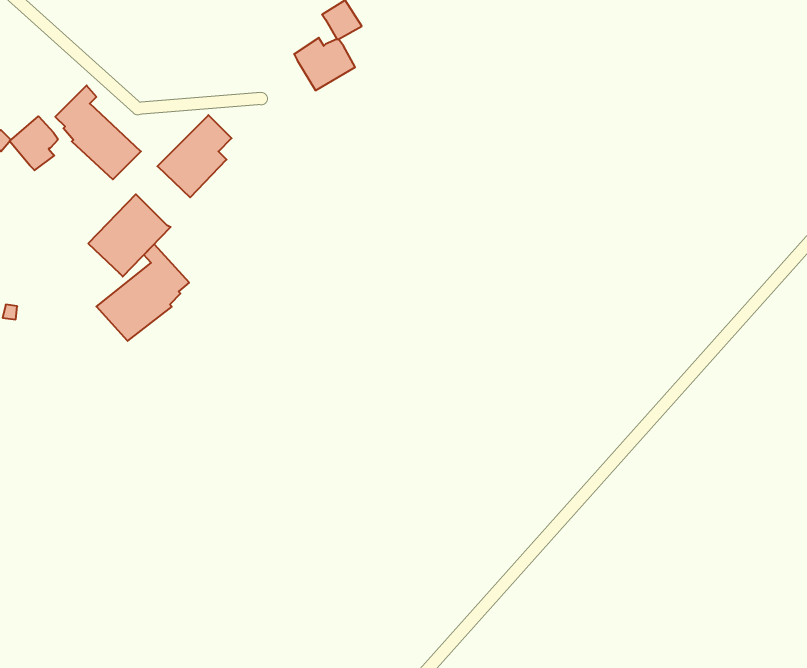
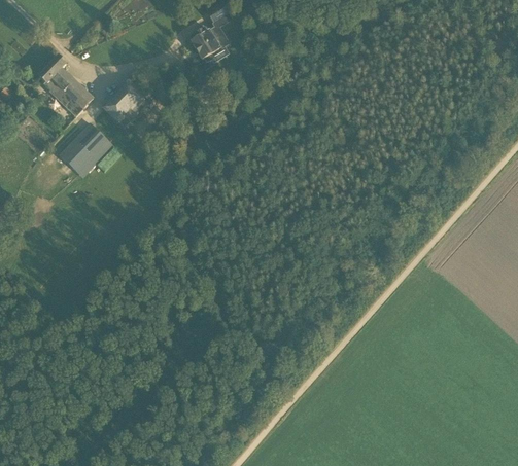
building: [10,116,58,170] -> none
building: [96,244,189,341] -> none

